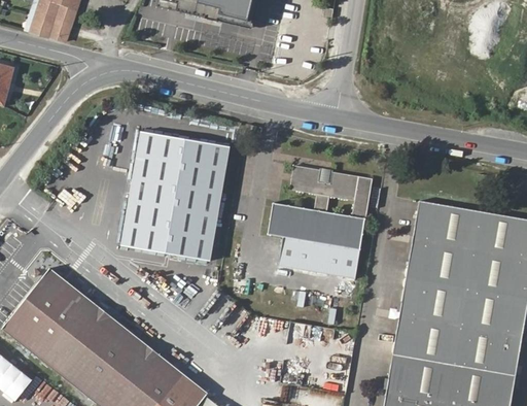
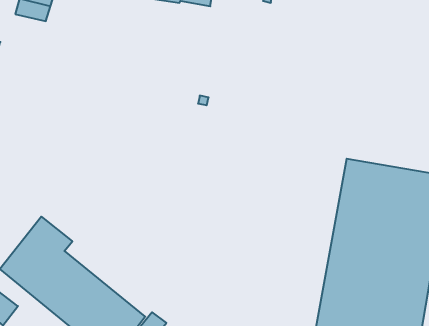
building: [120,135,231,266] -> none
building: [269,163,372,275] -> none
building: [89,299,194,387] -> none

